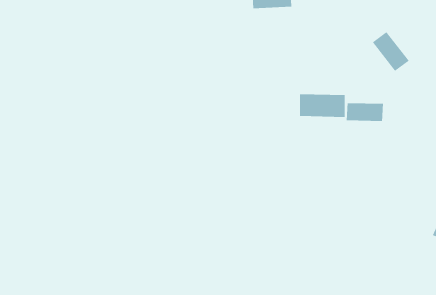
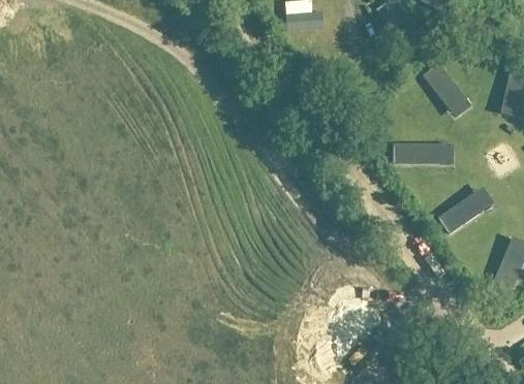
building: [299,93,346,118] -> none
building: none -> [439,192,485,233]

